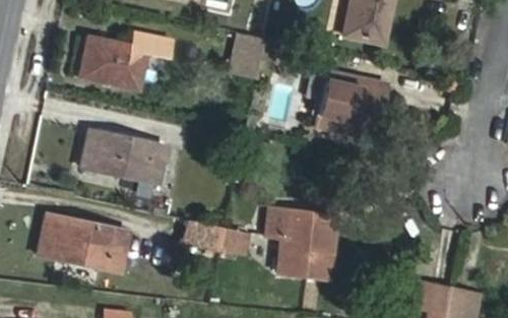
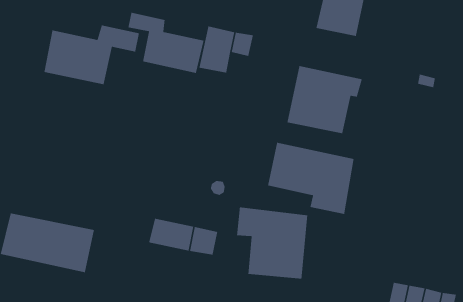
building: none -> [127,12,204,74]
building: [81,129,166,184] -> none
building: none -> [267,142,355,215]

